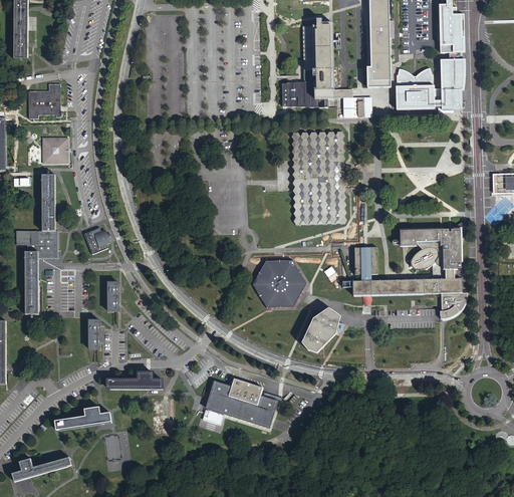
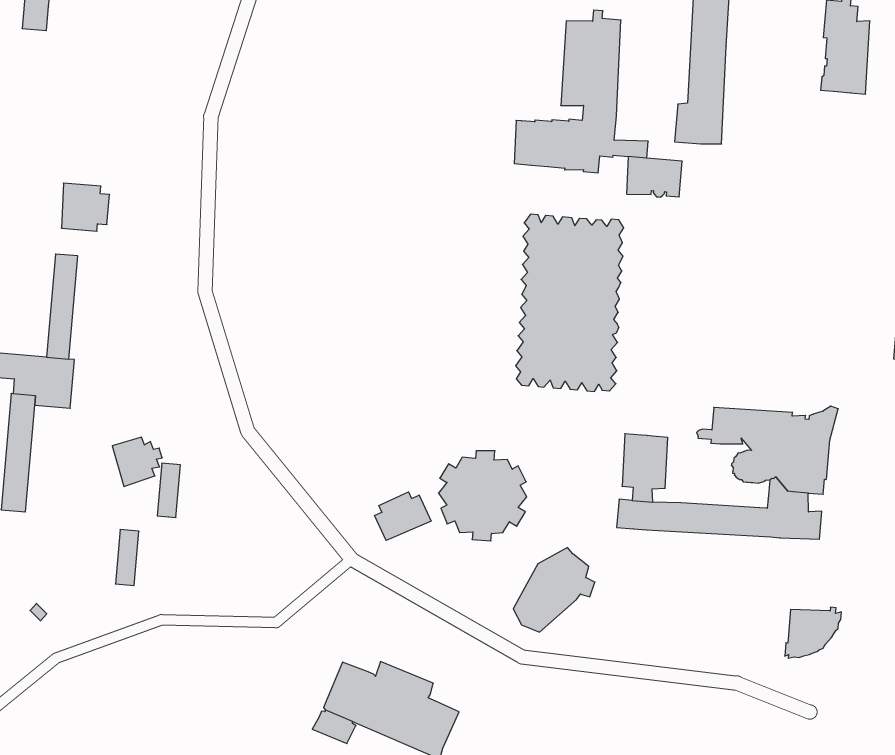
building: [395,58,465,112] -> none
building: [27,83,59,118] -> none
building: [83,226,110,253] -> [112,437,162,487]
building: none -> [375,492,431,540]
building: [439,290,467,319] -> [785,607,841,658]
building: [107,372,162,388] -> none
building: [54,408,109,430] -> none

